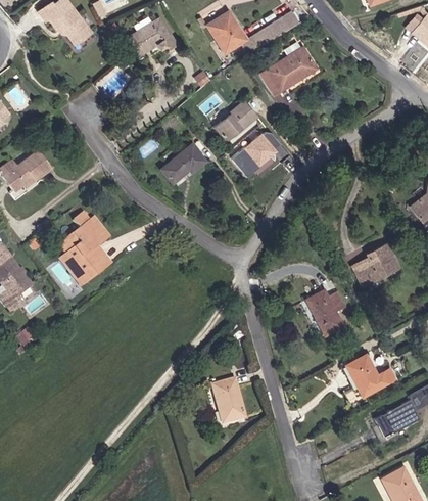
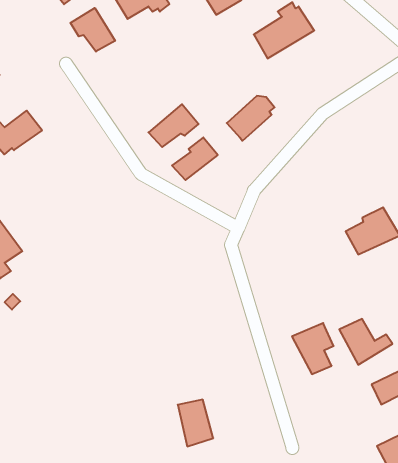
building: none -> [70,8,115,52]
building: [213,99,258,141] -> [172,137,218,180]
building: [58,211,113,287] -> none
building: [305,285,346,335] -> [292,323,334,374]
building: [212,378,247,424] -> [178,400,213,446]

